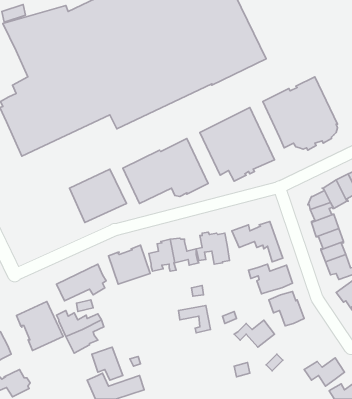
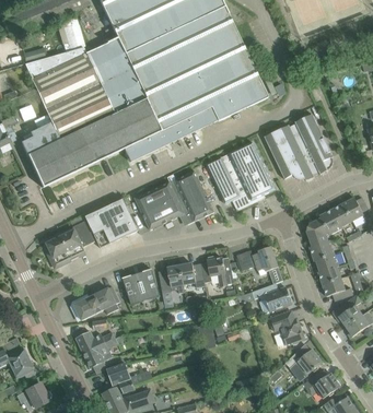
building: none -> [43,221,94,267]
building: [16,302,63,351] -> none
building: [234,320,275,347] -> [284,350,322,375]

